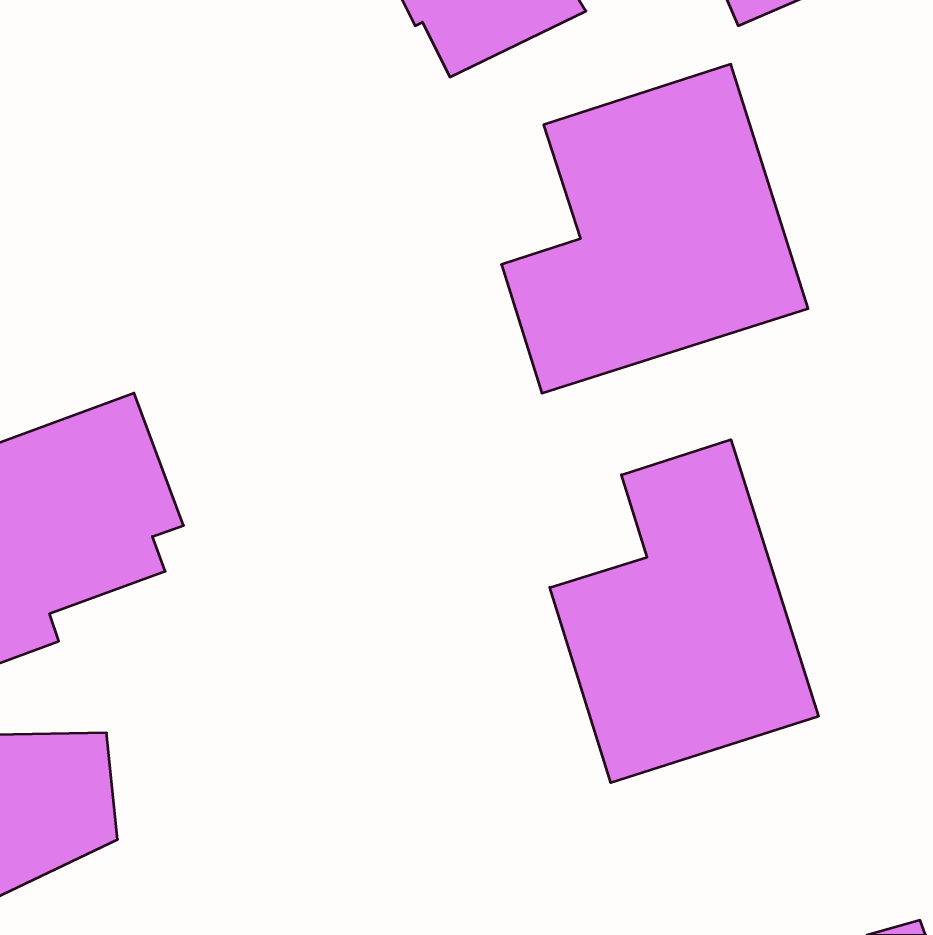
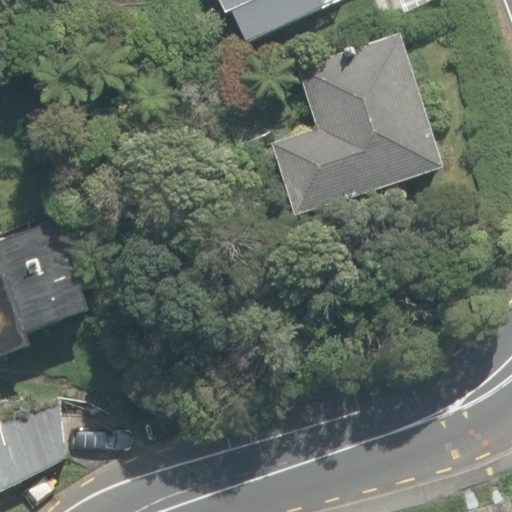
building: [550,440,818,783] -> none

